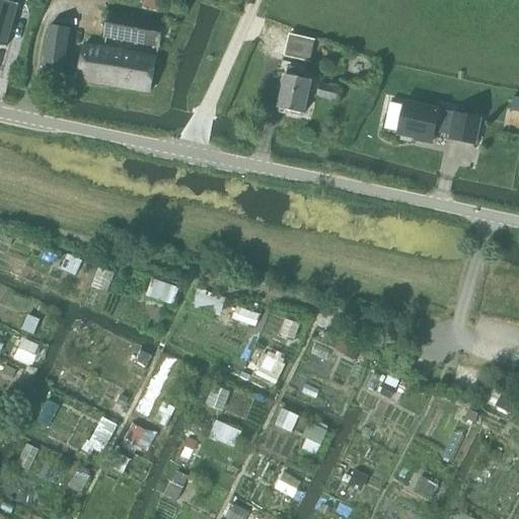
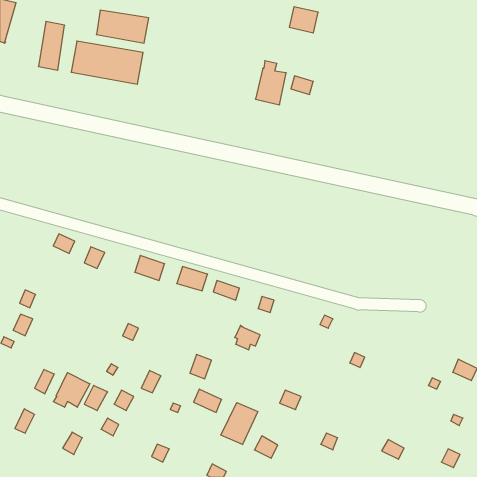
building: [283,33,314,62] -> [289,7,318,33]
building: [384,101,479,144] -> none
building: none -> [53,373,90,407]
building: none -> [221,403,258,445]

